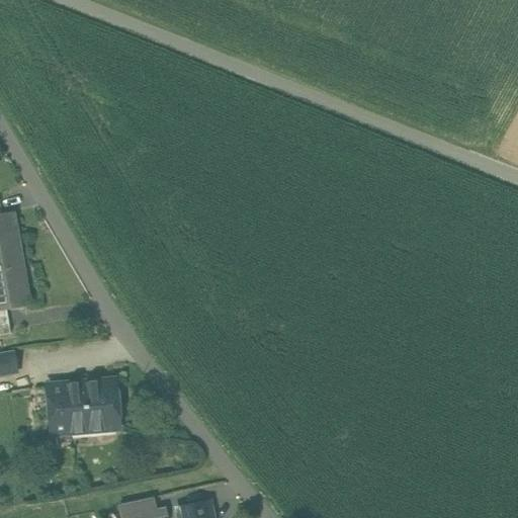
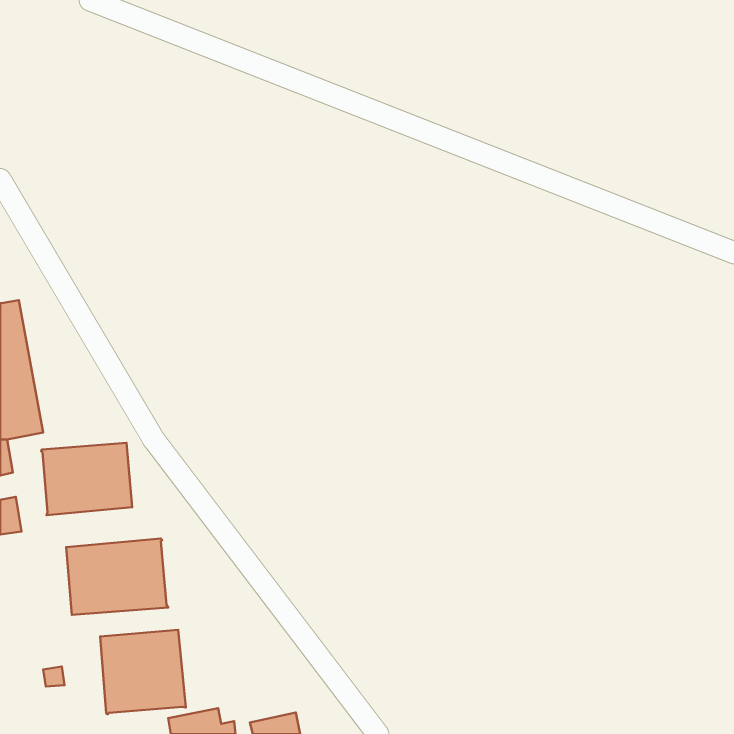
building: none -> [41,443,132,515]
building: none -> [100,630,186,714]

